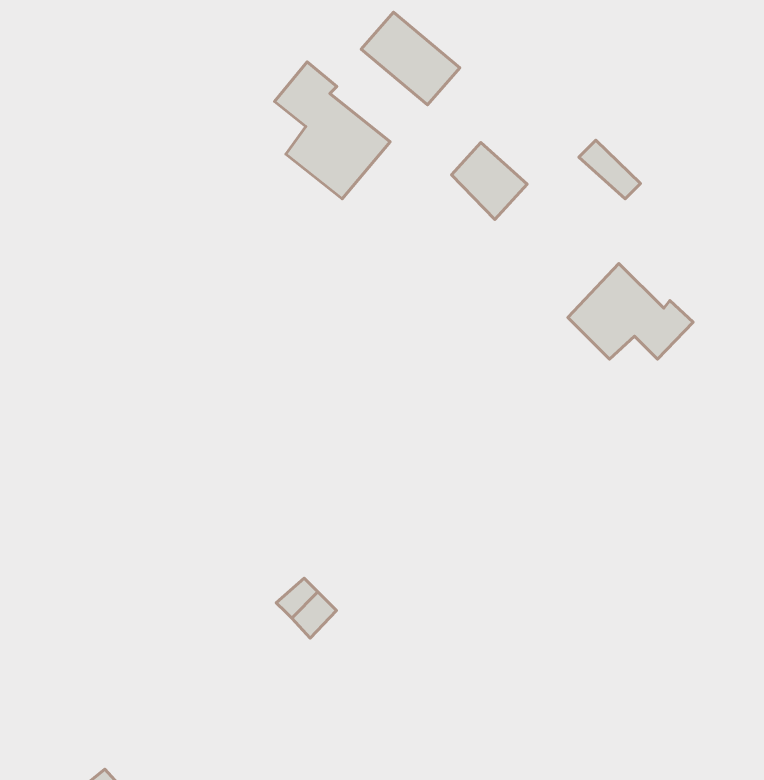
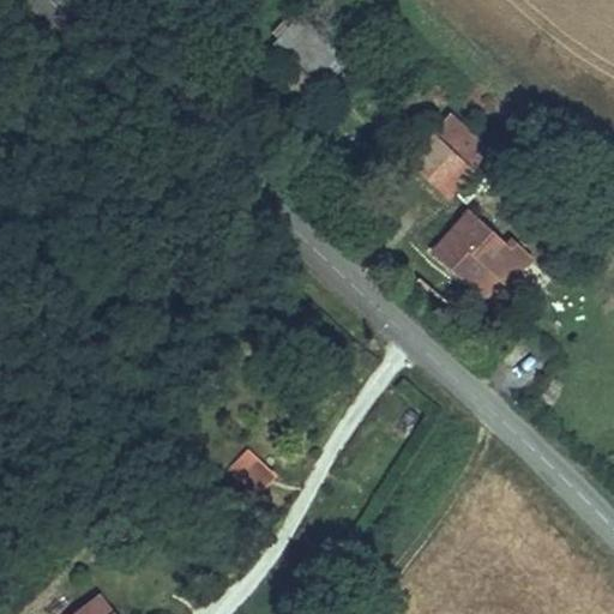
building: [275,62,390,199] -> none
building: [452,143,527,220] -> [427,128,486,188]

